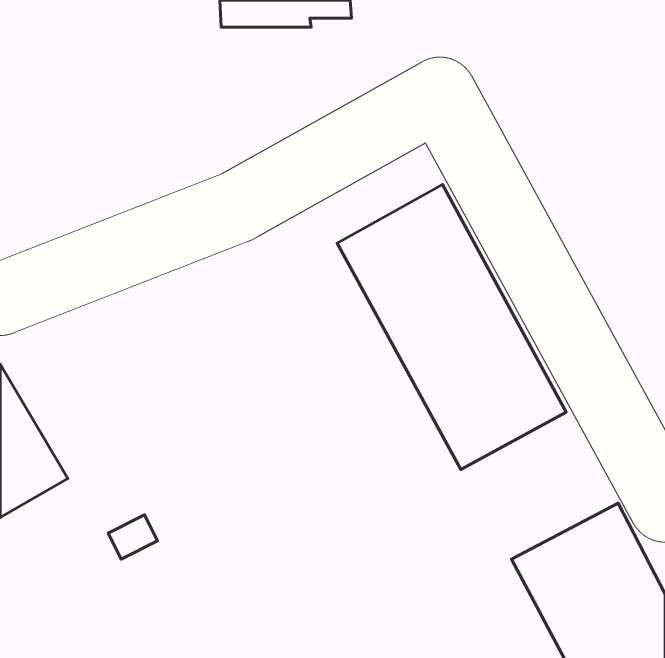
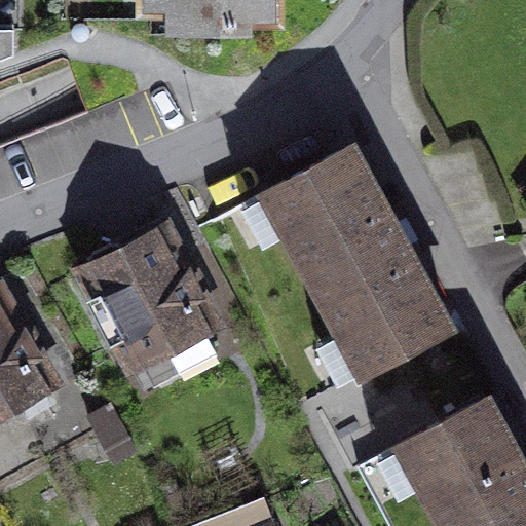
building: none -> [83,225,216,370]

